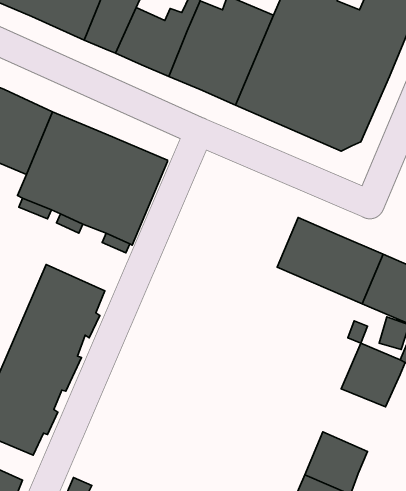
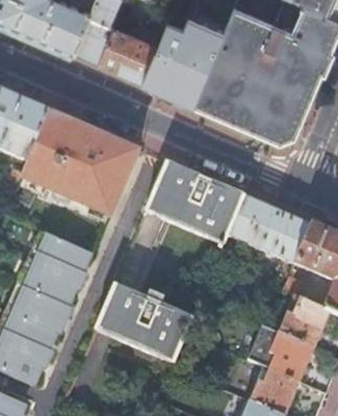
building: none -> [147,161,244,248]
building: none -> [97,284,192,362]
building: none -> [254,327,314,381]

